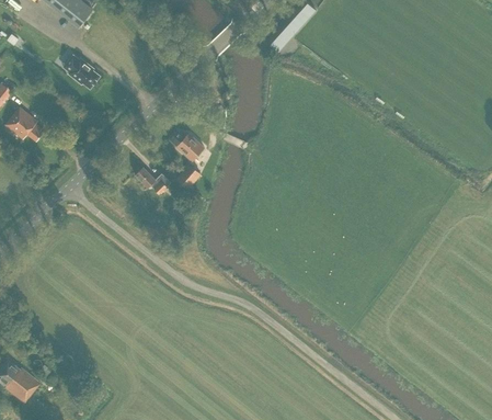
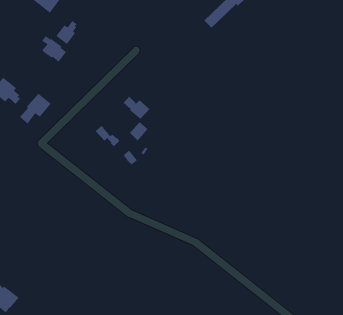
building: none -> [56,20,77,45]
building: none -> [19,93,52,124]

